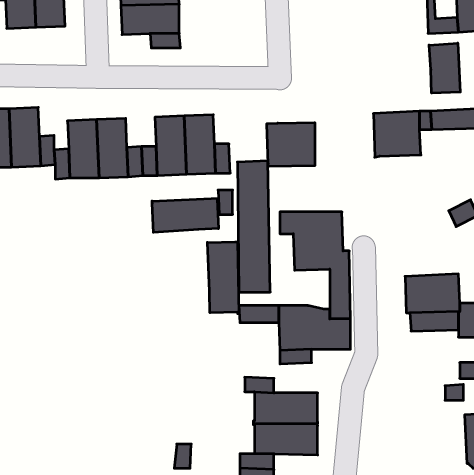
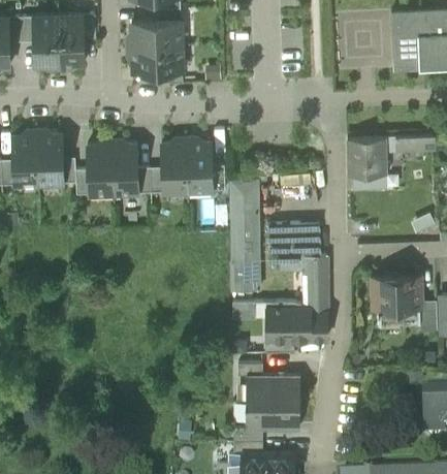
building: [429,43,460,93] -> none
building: [267,123,315,167] -> none
building: none -> [352,173,386,191]
building: [152,198,218,232] -> none
building: [207,242,239,314] -> none

